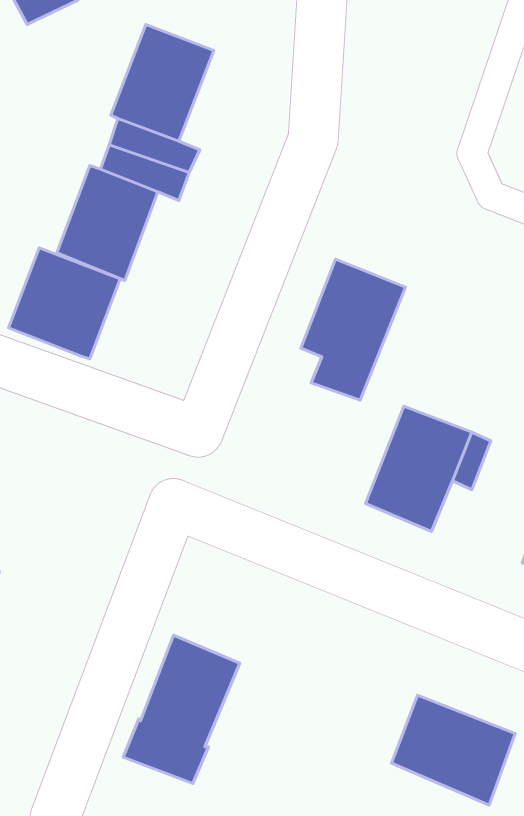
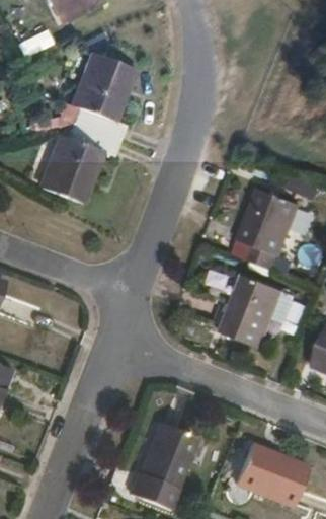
building: [9,248,120,359] -> none
building: [301,259,405,400] -> [237,188,298,270]
building: [123,635,240,783] -> [129,423,196,509]

